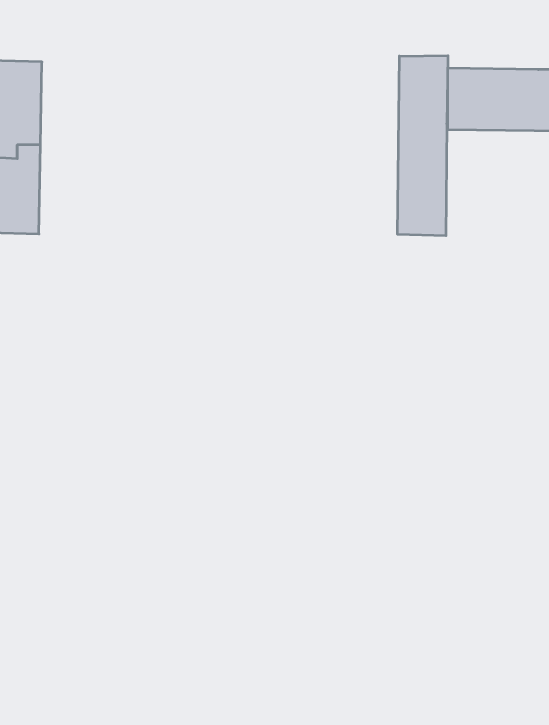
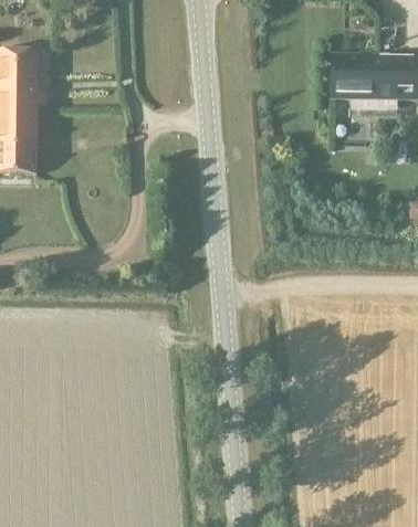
building: [398,56,448,236] -> none

